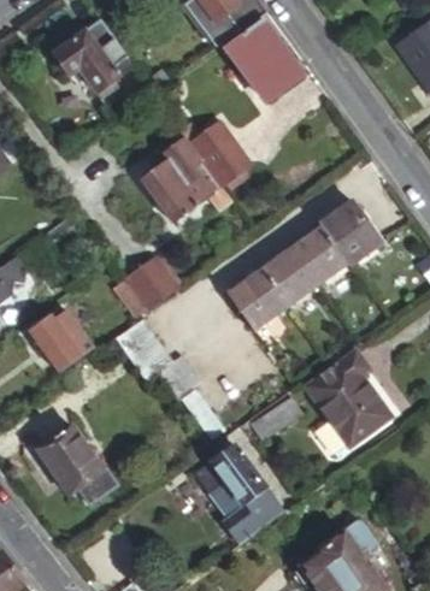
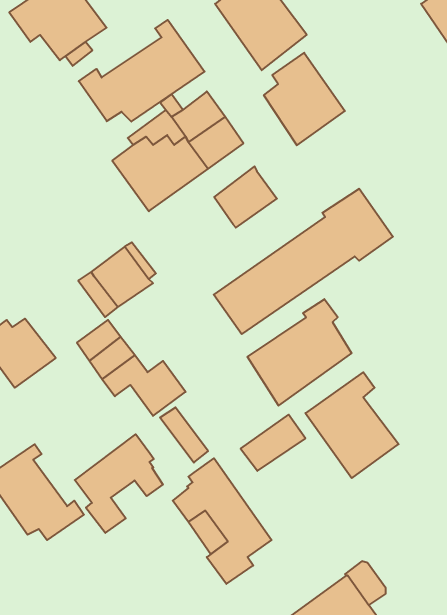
building: none -> [79,20,205,122]
building: none -> [264,53,345,145]
building: none -> [214,166,277,228]
building: none -> [247,299,352,406]
building: none -> [75,434,163,533]

